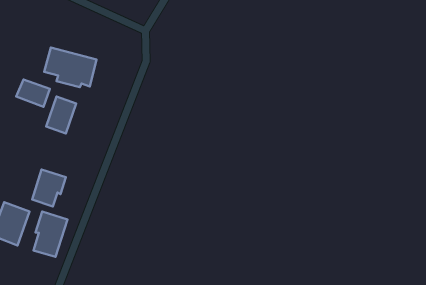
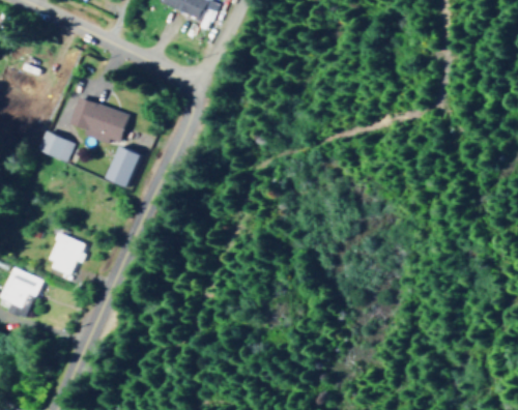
building: [46,96,76,134] -> [106,145,141,187]
building: [34,212,67,257] -> none

